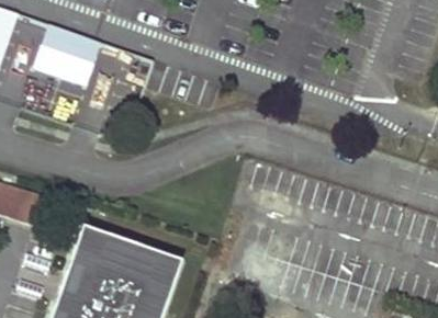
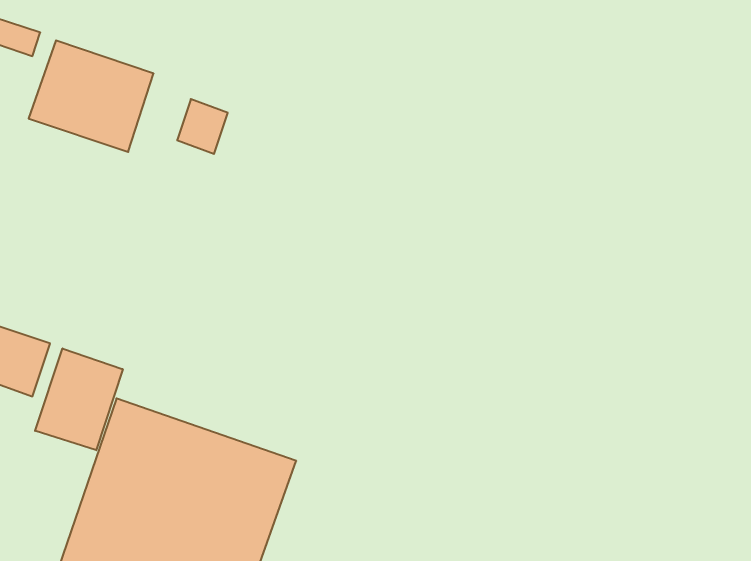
building: none -> [35,348,123,450]

